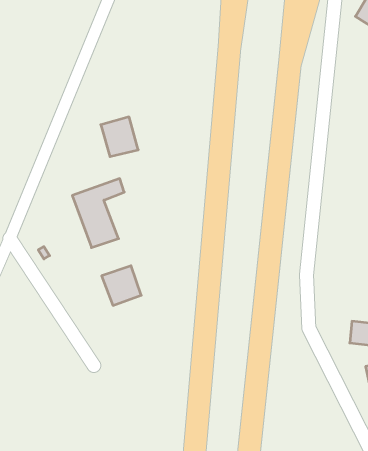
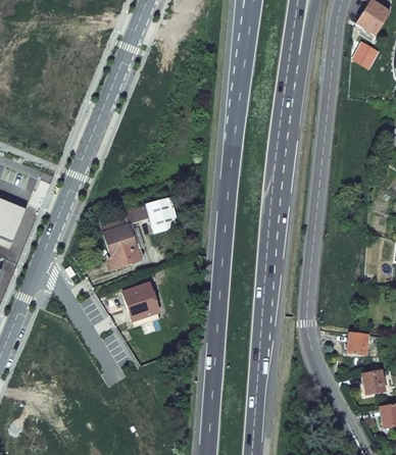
building: [101,117,138,157] -> [144,197,178,233]

